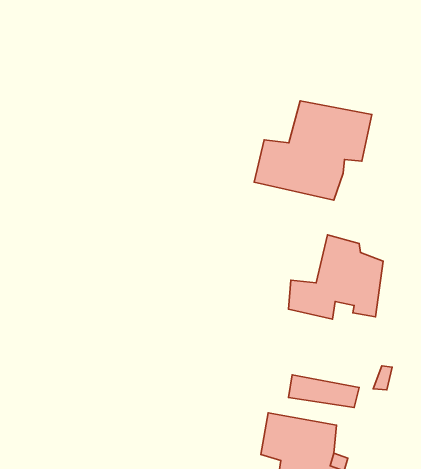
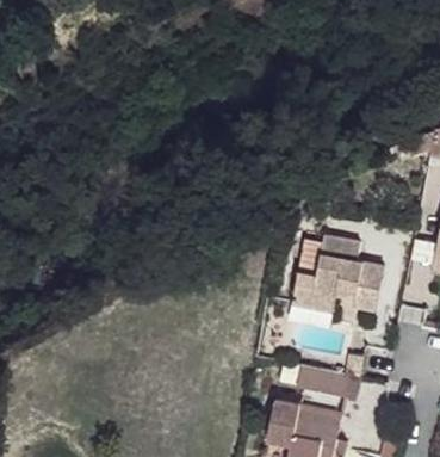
building: [254,101,372,200] -> none

